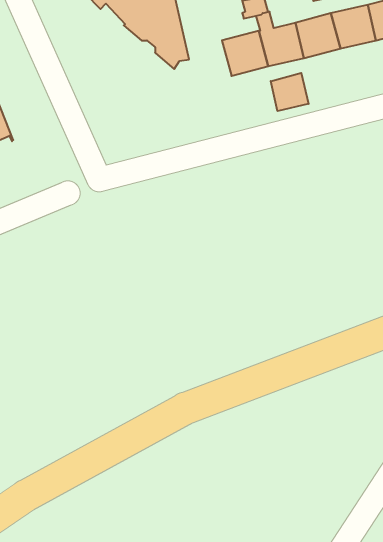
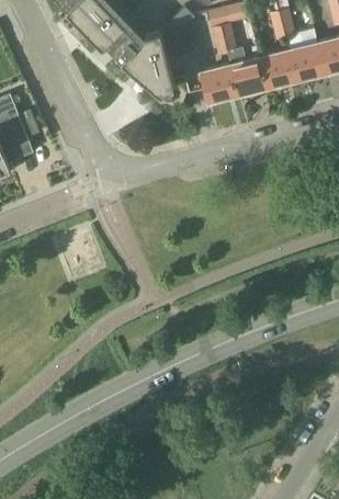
building: [271,73,309,111] -> none

